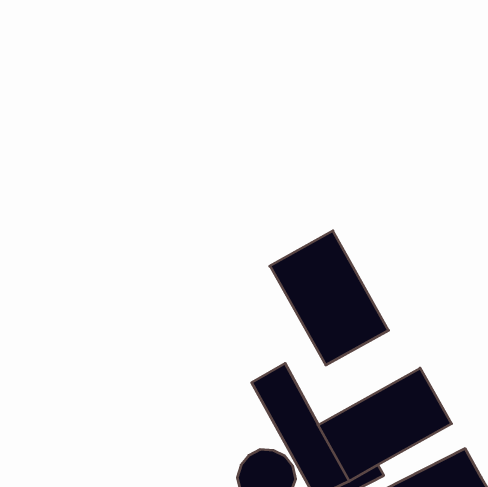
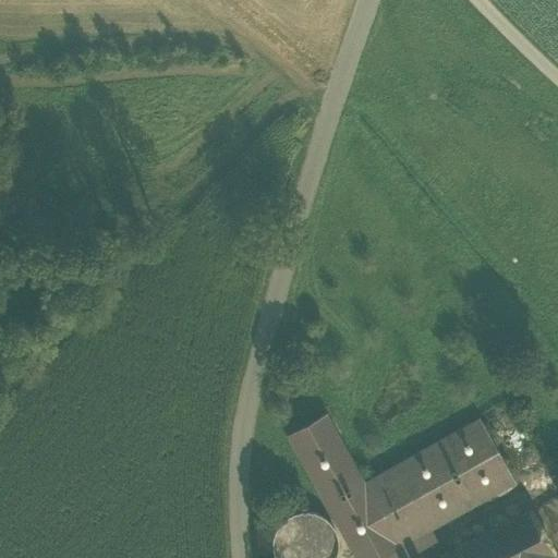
building: [270,231,389,365] -> none

